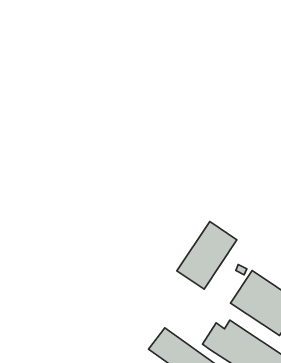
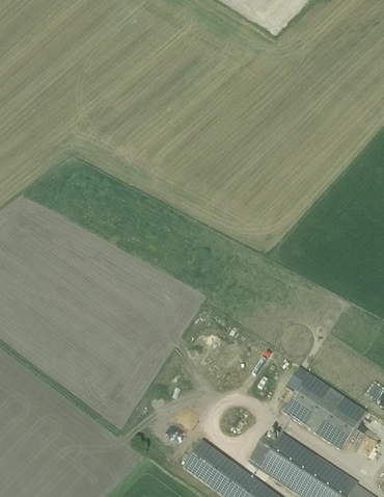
building: [177,222,237,289] -> none

